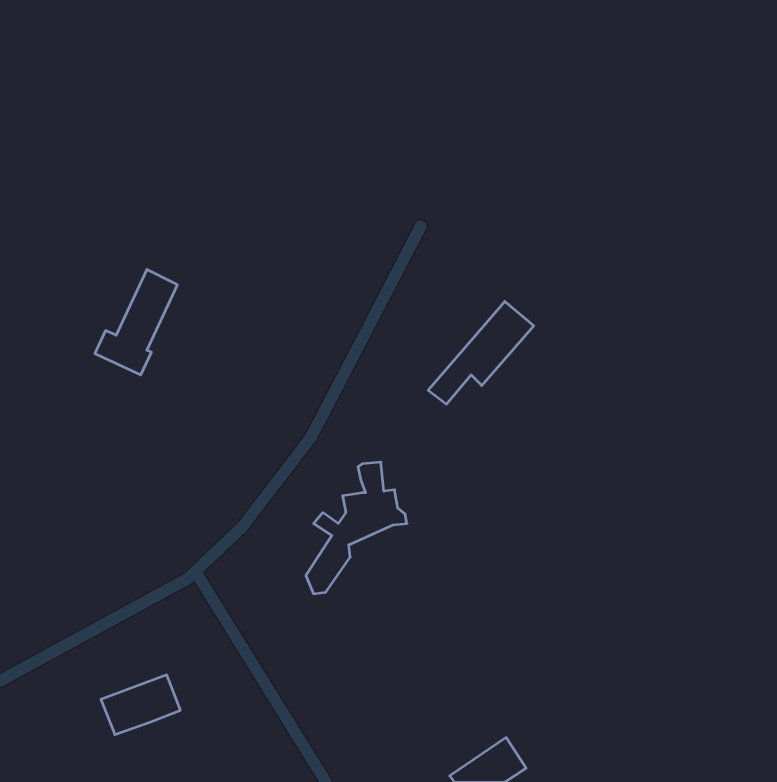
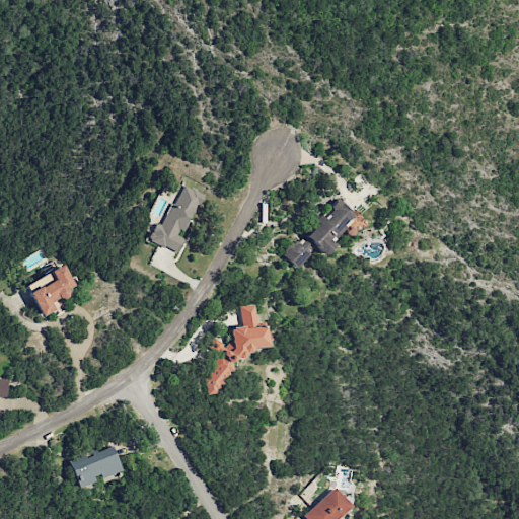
building: [95,269,177,375] -> [149,183,204,253]
building: none -> [27,265,76,317]

